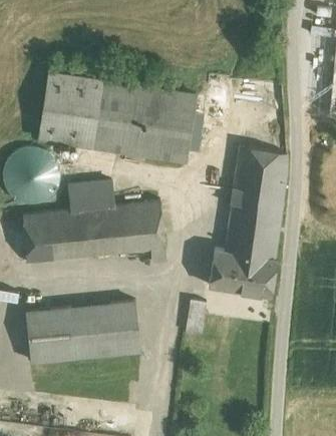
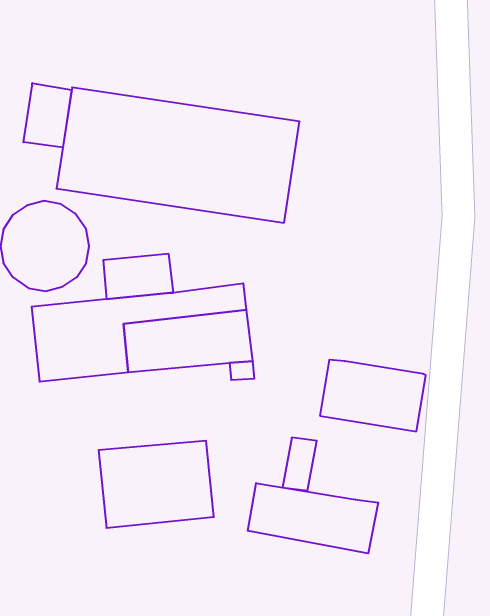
building: none -> [23,83,72,148]
building: [225,146,289,259] -> none
building: [26,308,71,362] -> none
building: none -> [248,483,378,553]

